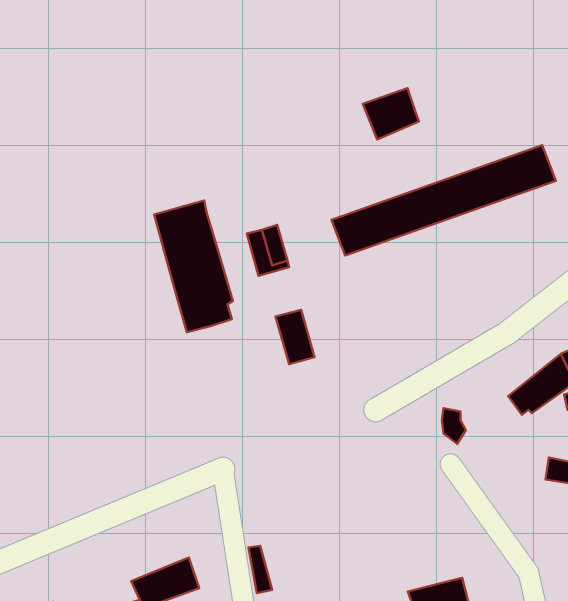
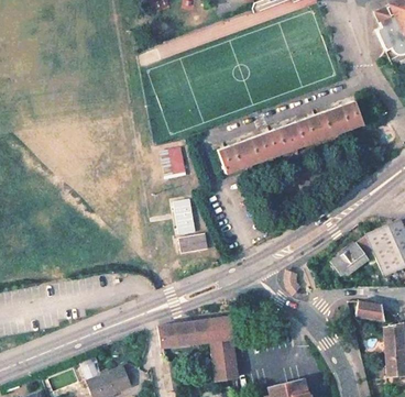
building: [363,88,419,139] -> none
building: [154,201,233,332] -> none
building: none -> [158,318,238,379]

